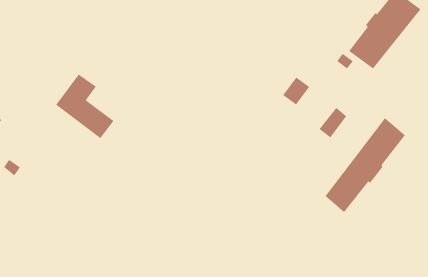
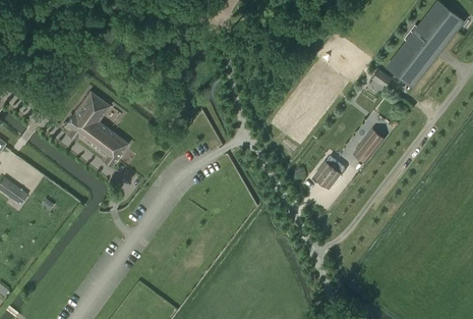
building: [282,77,310,105] -> [313,156,344,188]
building: [324,117,406,213] -> none

